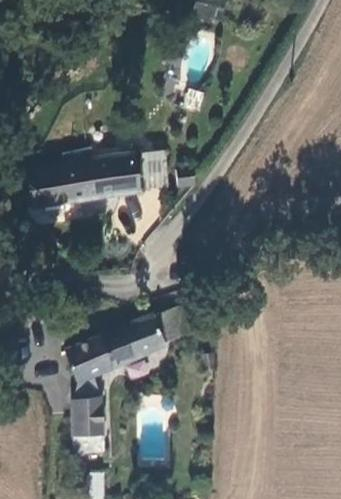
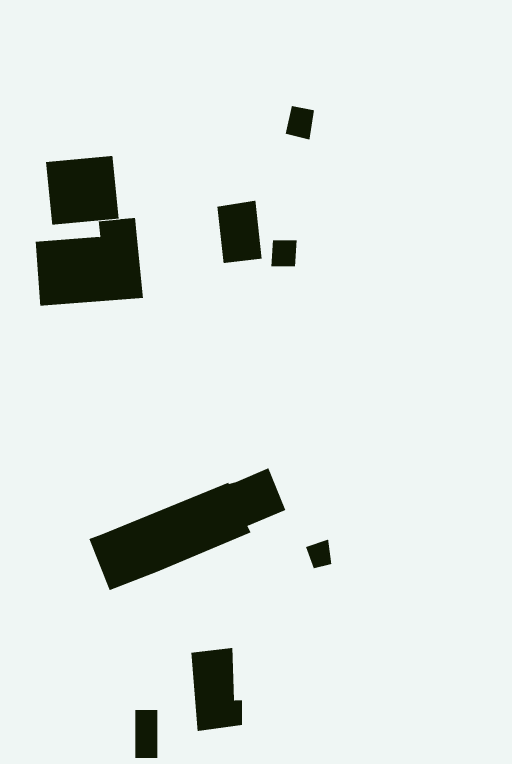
building: [94,157,141,201] -> [45,156,119,225]
building: [72,403,105,456] -> [190,648,243,731]

